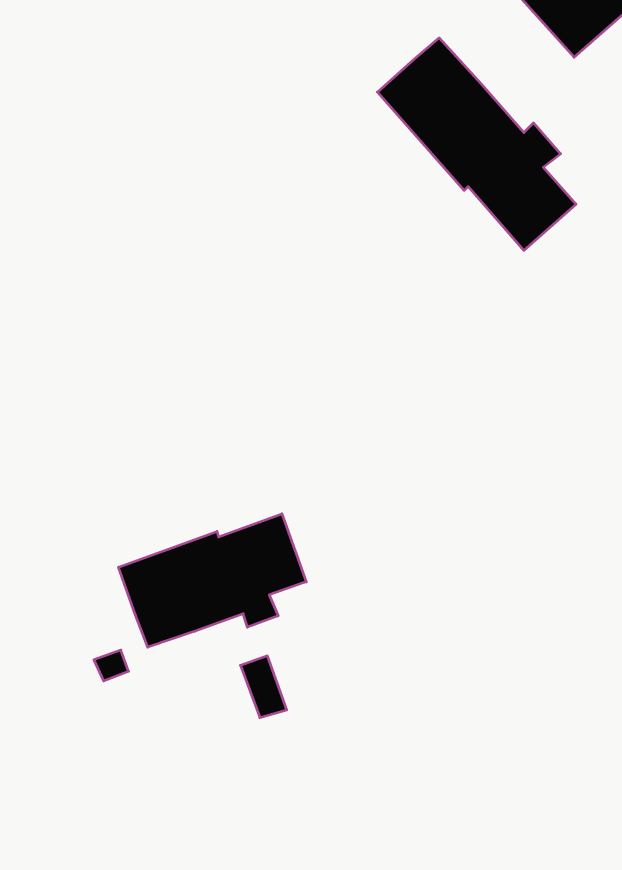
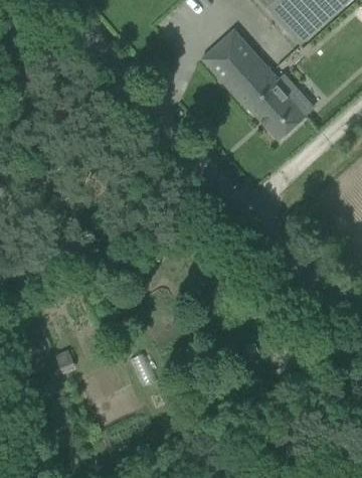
building: [119,514,306,647] -> none

